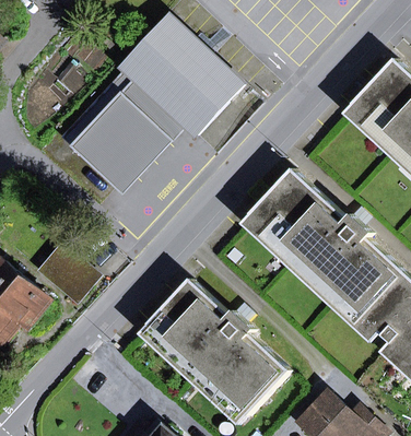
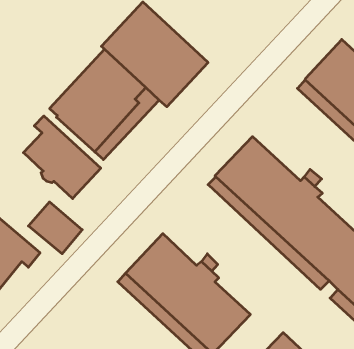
building: none -> [23,116,101,199]

